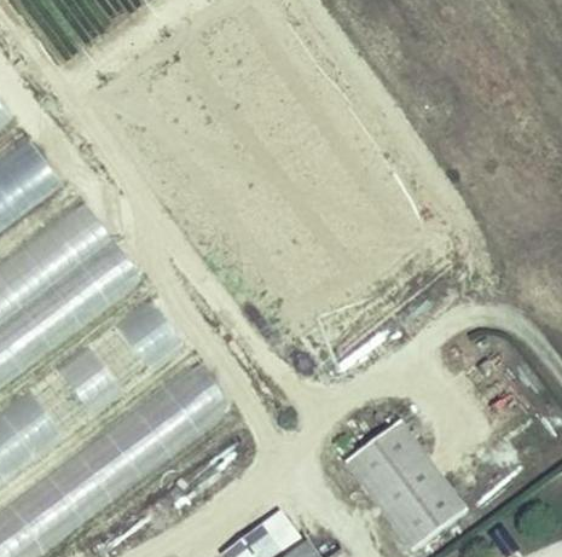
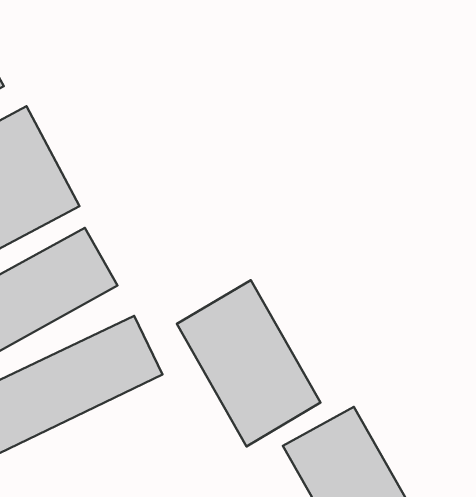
building: none -> [177,280,320,446]

